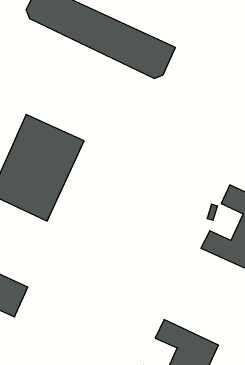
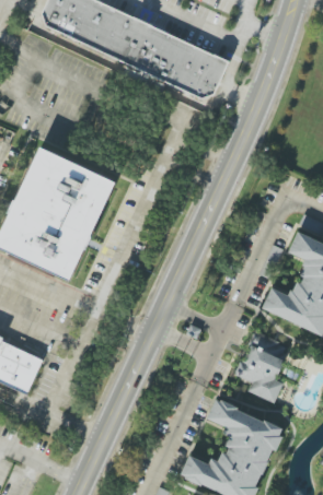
building: none -> [235,330,295,404]

